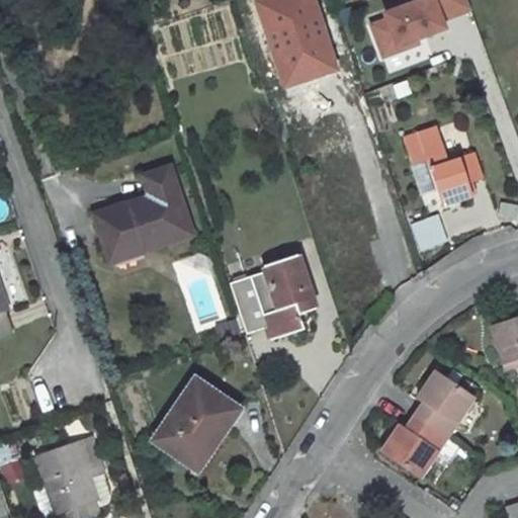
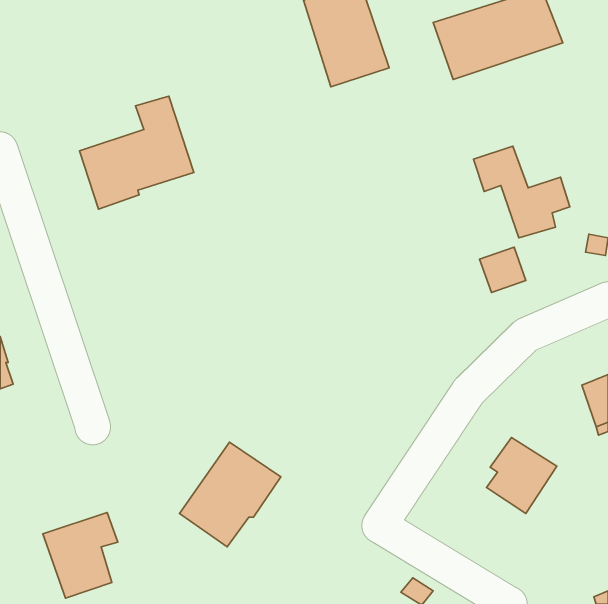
building: [94,165,191,261] -> [80,96,194,209]
building: [229,253,316,339] -> none
building: [380,415,447,478] -> none

